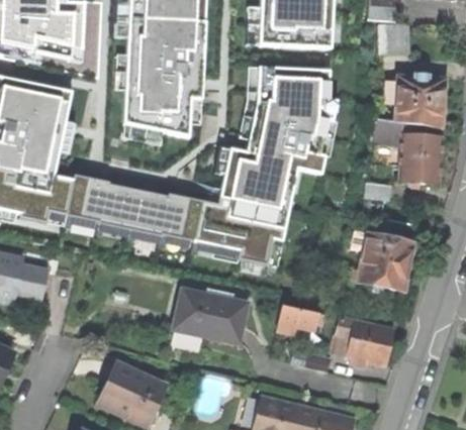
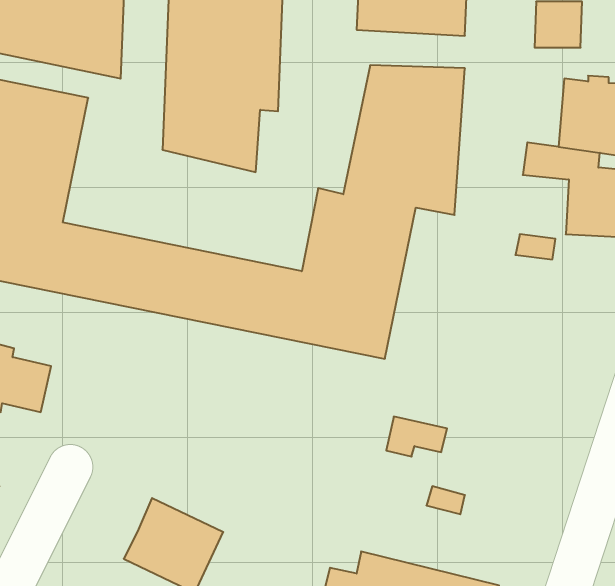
building: [351,219,415,291] -> none
building: [174,290,247,343] -> none
building: [332,318,393,366] -> none

